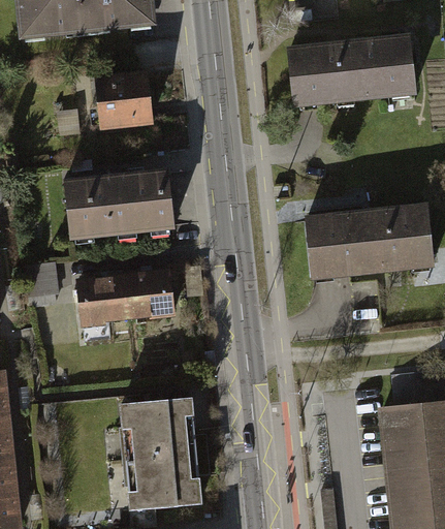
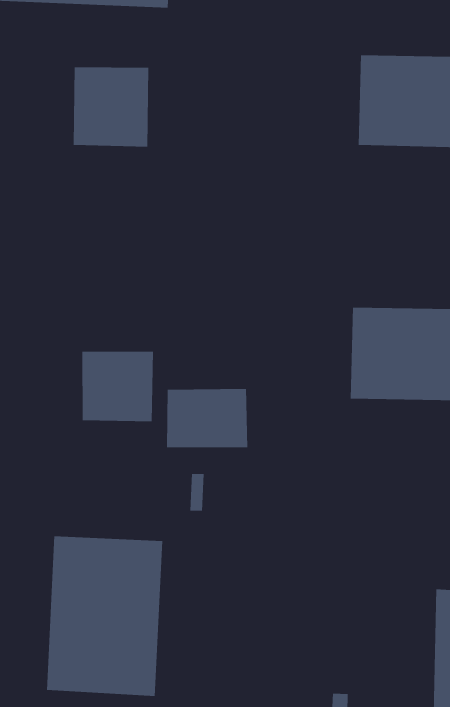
building: [63,170,169,237] -> none
building: [72,273,127,326] -> none
building: none -> [167,388,248,448]

